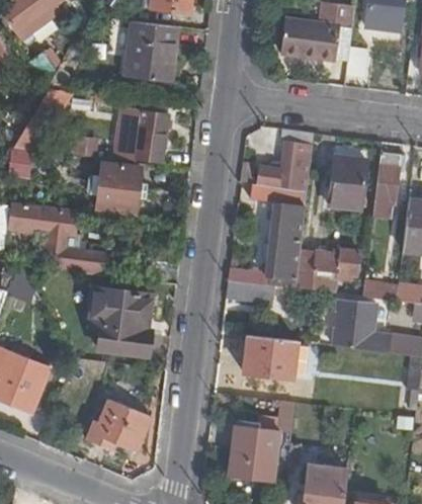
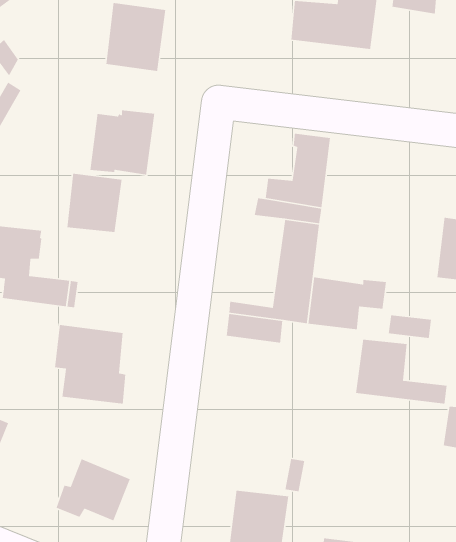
building: [372,152,402,217] -> none
building: [329,155,367,207] -> none
building: [245,334,298,377] -> none

